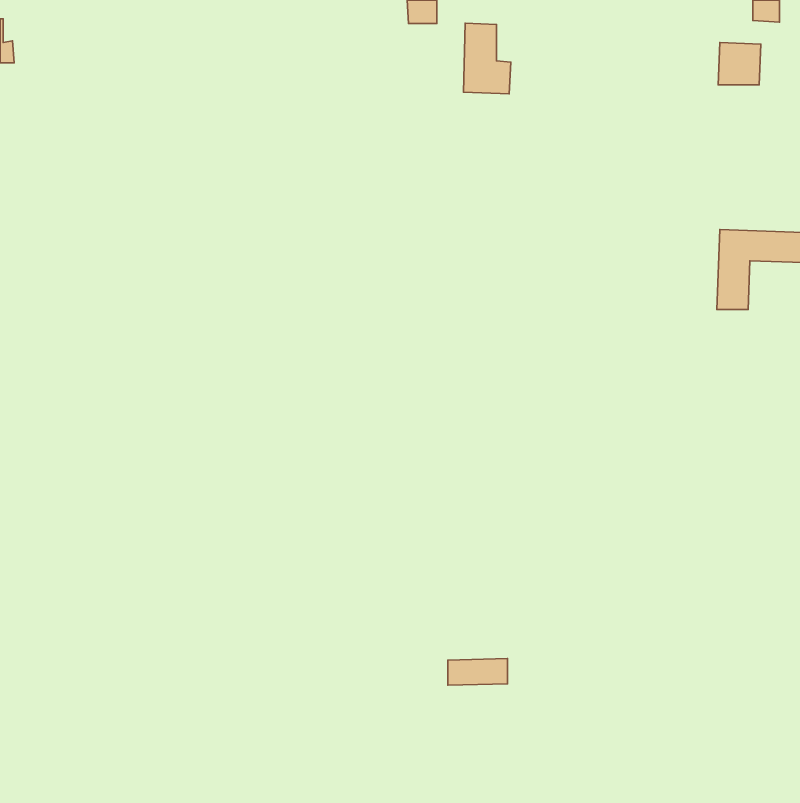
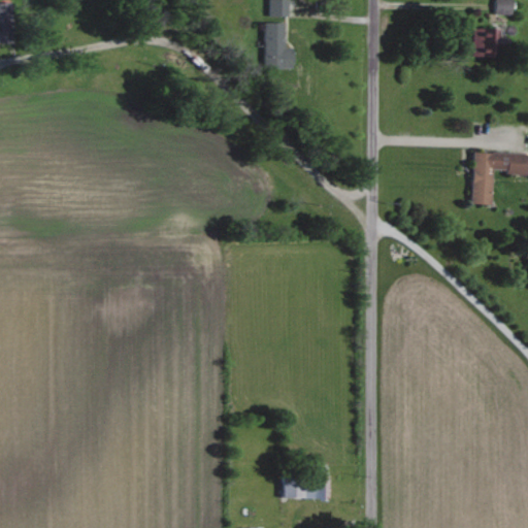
building: [464,23,511,94] -> [264,22,295,68]
building: [448,659,508,685] -> [285,481,324,498]

